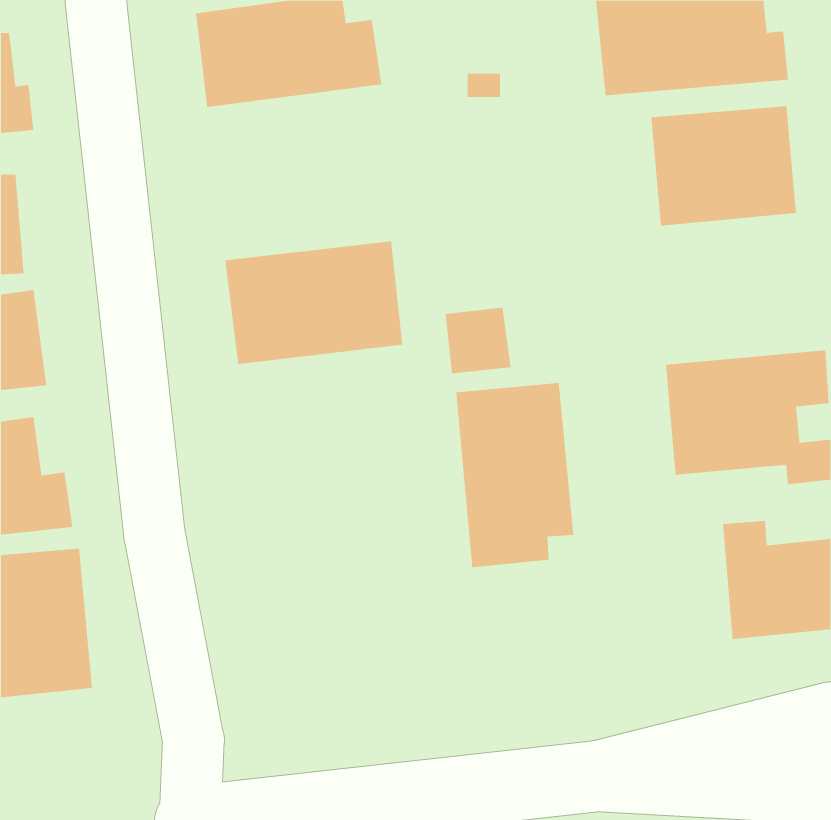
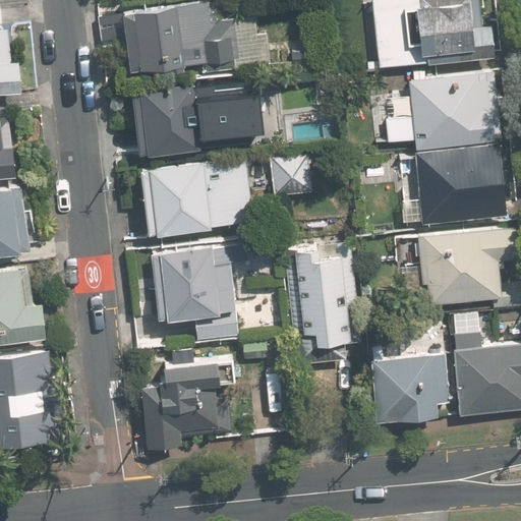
building: none -> [132,82,254,155]
building: none -> [412,142,507,225]
building: [445,307,511,374] -> [271,156,312,197]
building: none -> [151,247,237,340]
building: none -> [369,353,450,423]
building: none -> [140,361,220,448]

